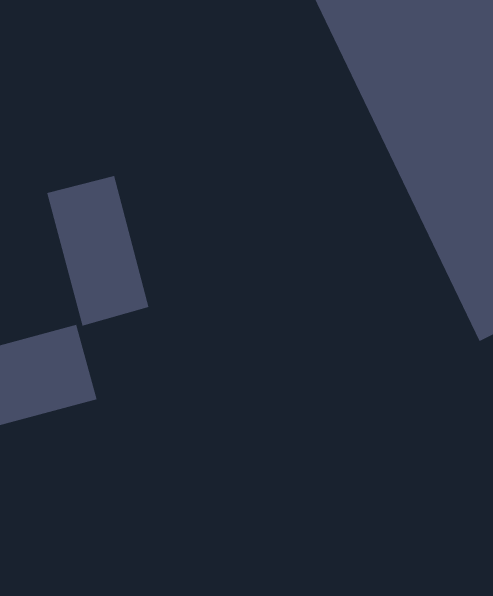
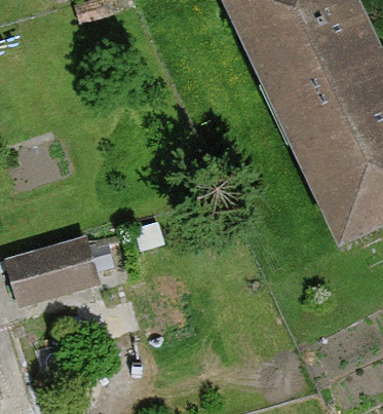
building: [47,175,149,326] -> none

